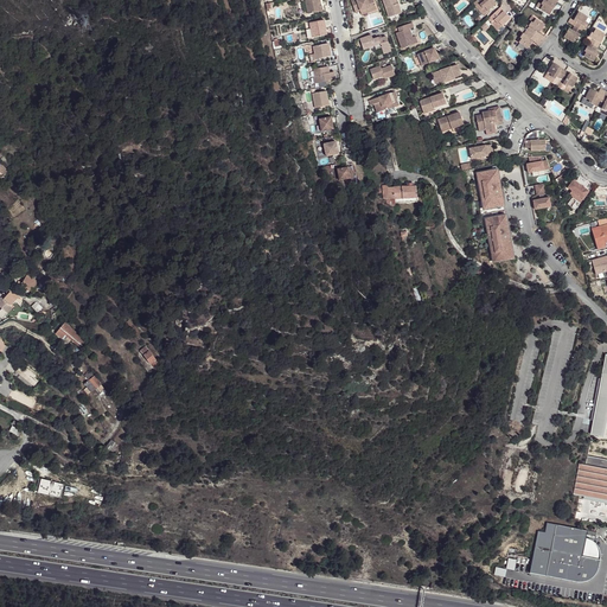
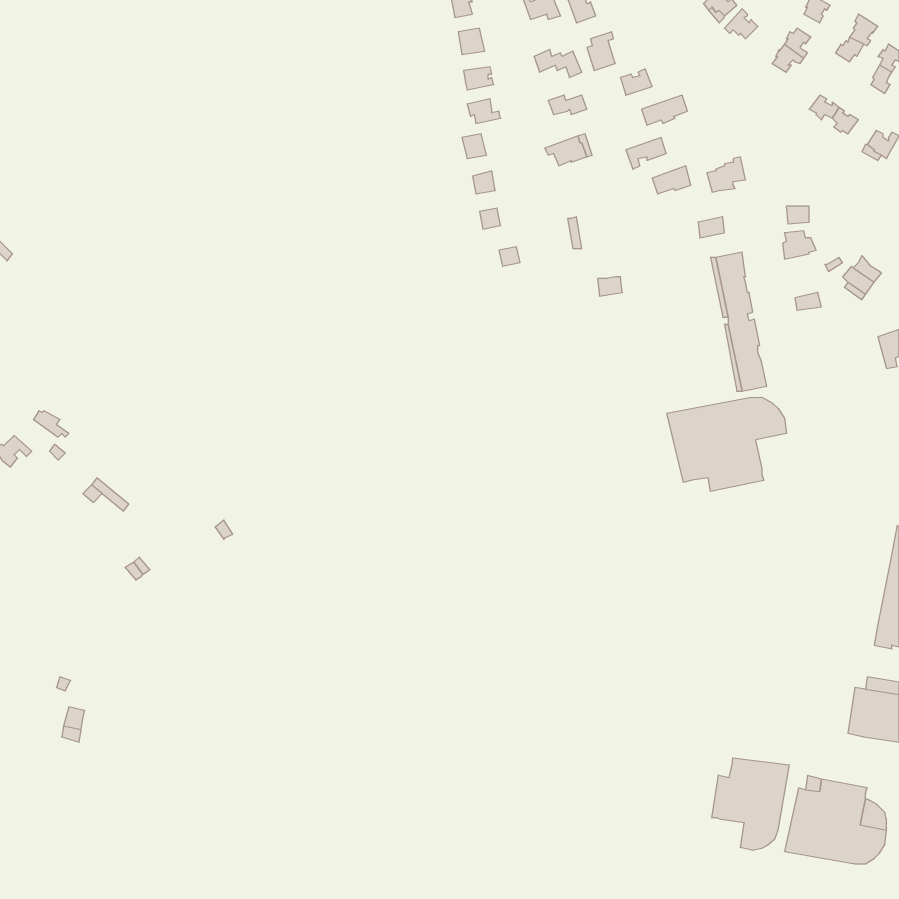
building: none -> [667,397,787,491]
building: none -> [712,758,789,850]

